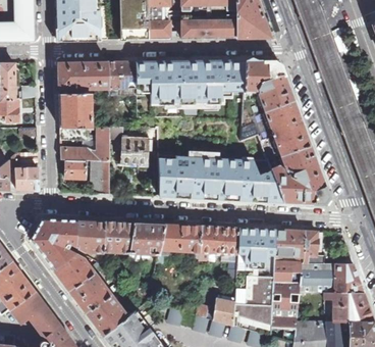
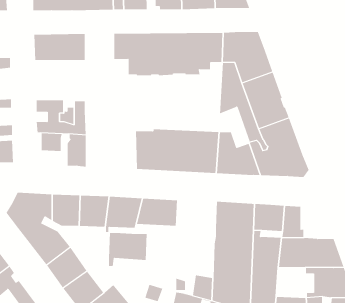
building: [109,61,137,95] -> none
building: [59,93,91,127] -> none
building: [109,126,148,162] -> none
building: [199,226,237,259] -> [108,232,148,267]

